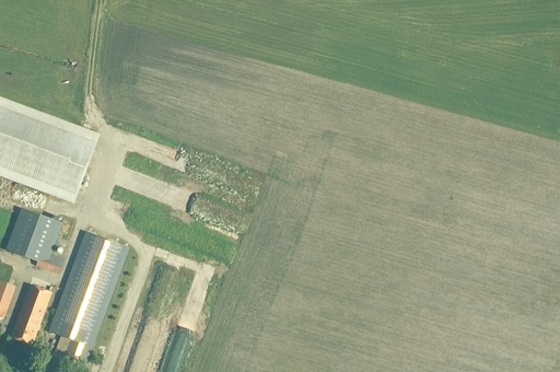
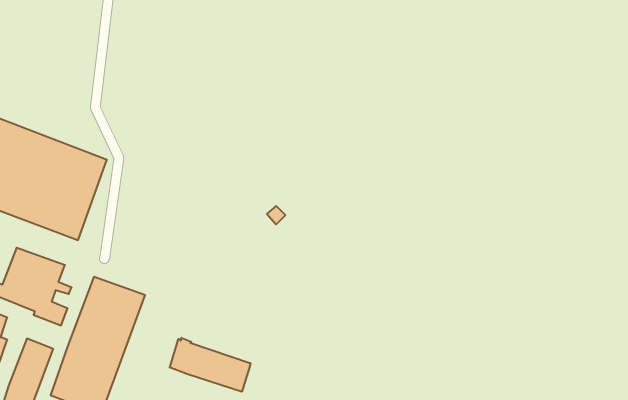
building: none -> [170,338,250,392]

